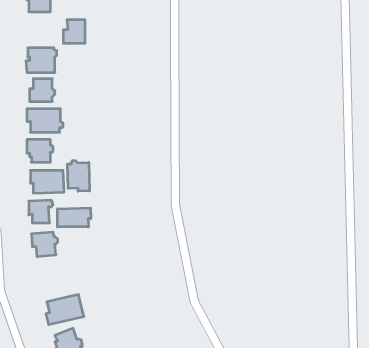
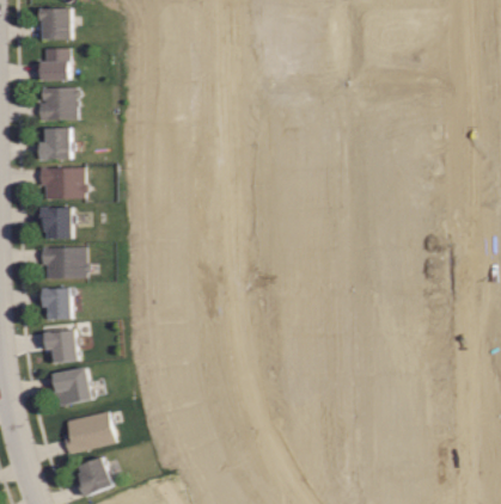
building: [63,20,85,43] -> [39,48,68,79]
building: [68,161,90,191] -> none
building: [57,208,91,227] -> none
building: none -> [49,367,93,405]

